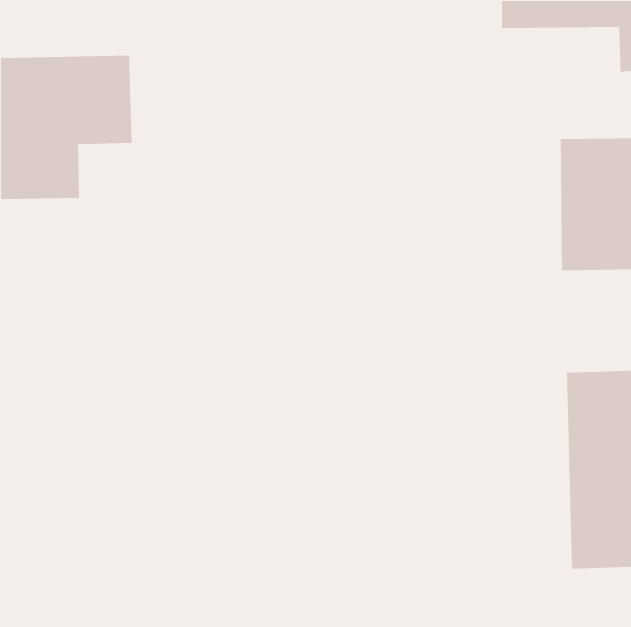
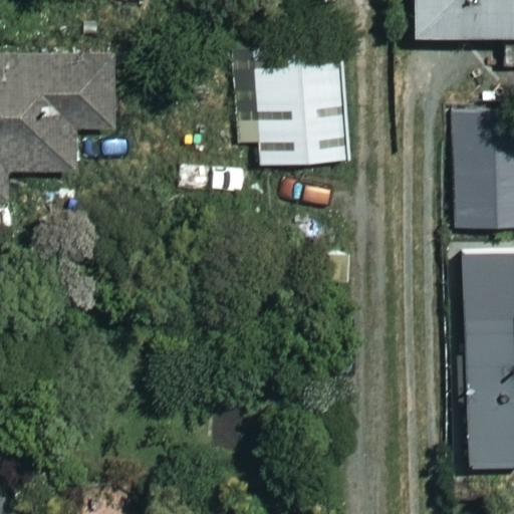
building: none -> [254,62,348,165]

